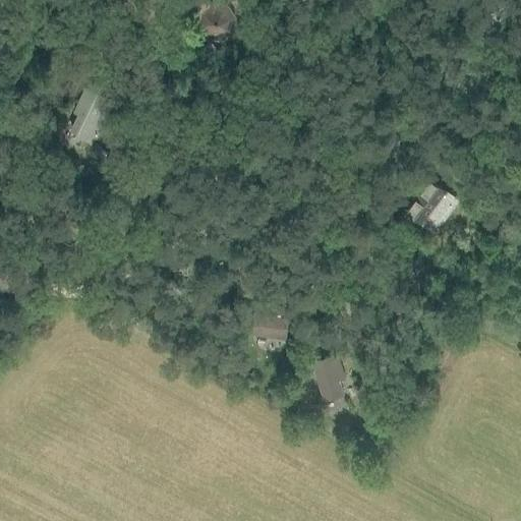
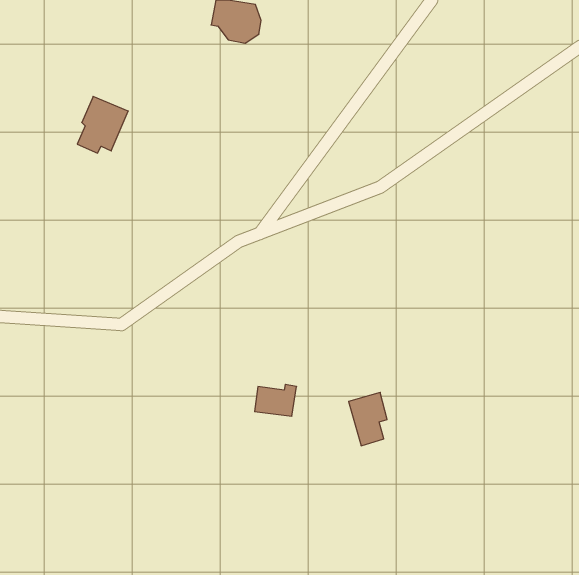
building: [406,182,450,230] -> none
building: [252,314,290,343] -> [255,384,297,416]

